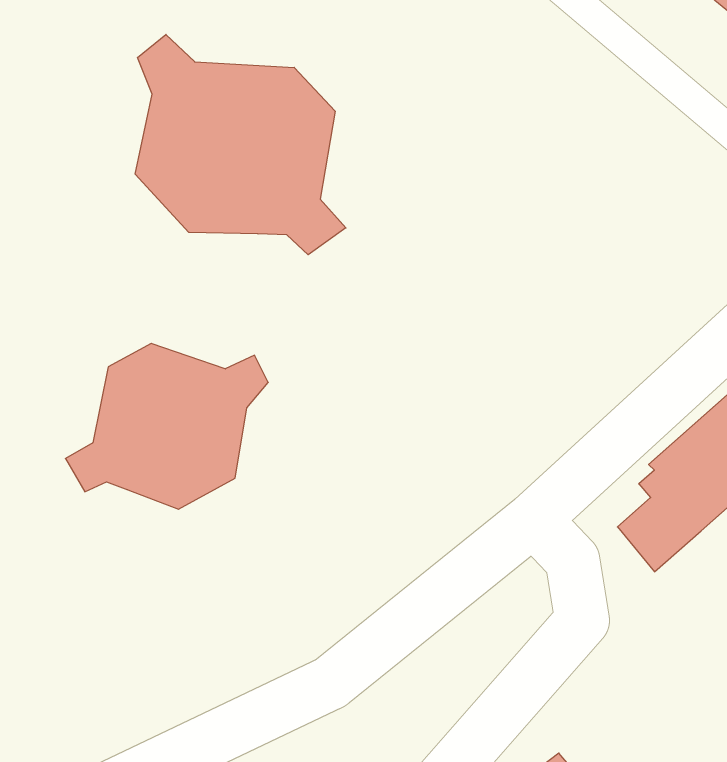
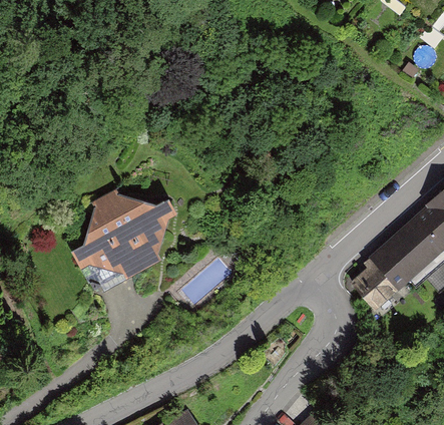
building: [135,34,346,255] -> none

